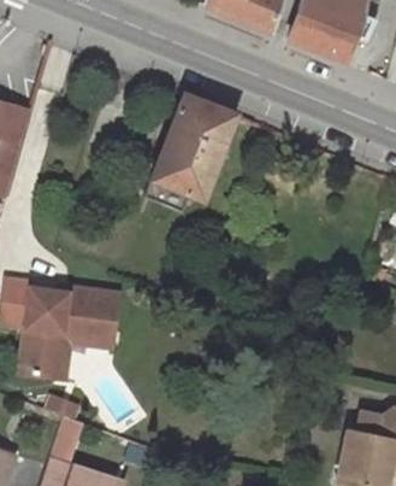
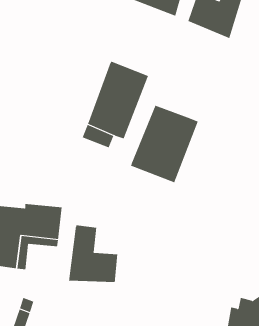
building: none -> [130,105,198,183]
building: none -> [69,225,118,283]

